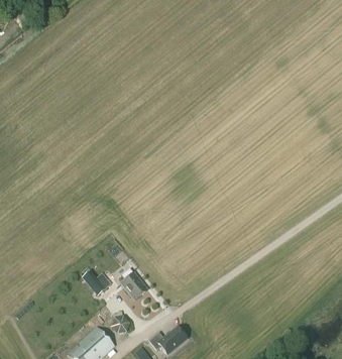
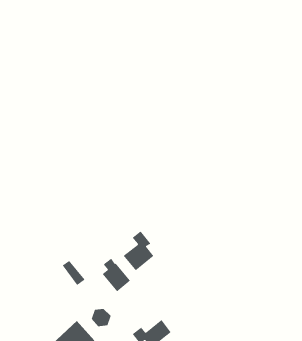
building: none -> [123,230,154,271]

